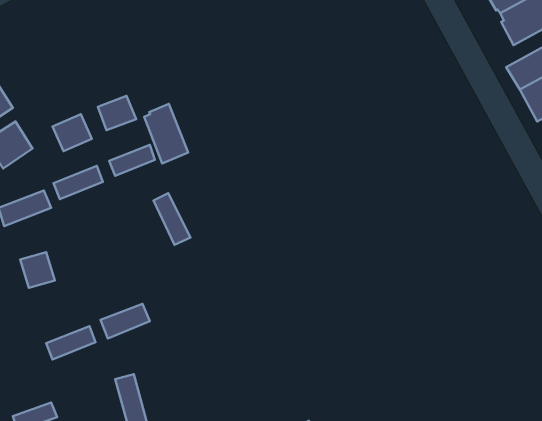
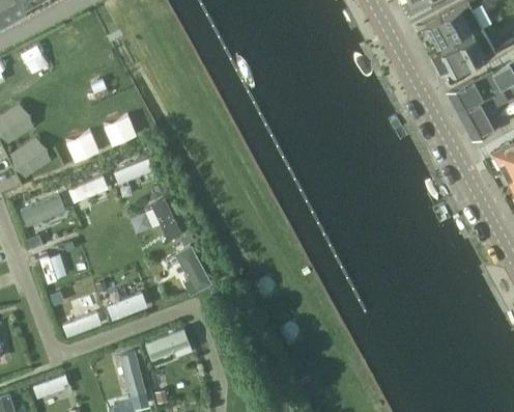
building: [144,104,188,163] -> none
building: none -> [175,247,210,297]
building: none -> [145,330,191,361]

